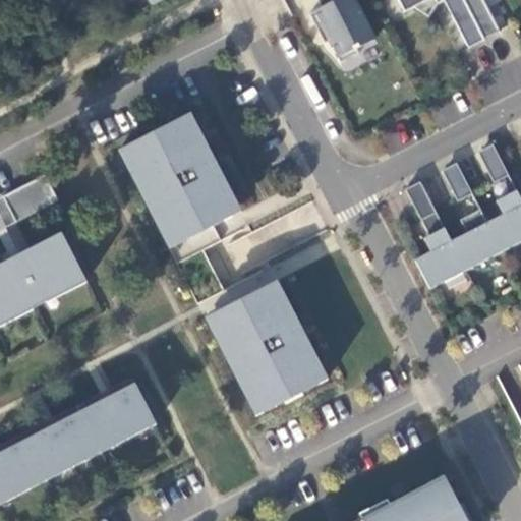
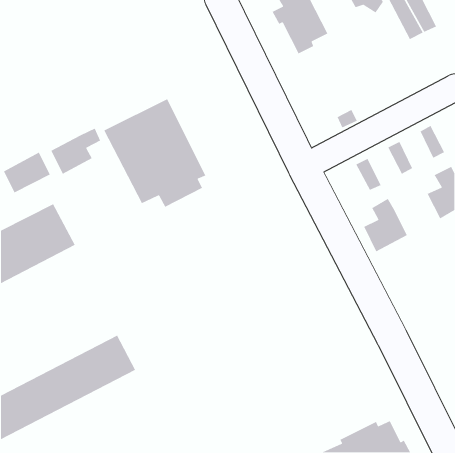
building: none -> [50,127,101,175]
building: [452,208,503,269] -> none
building: [212,285,328,414] -> none

